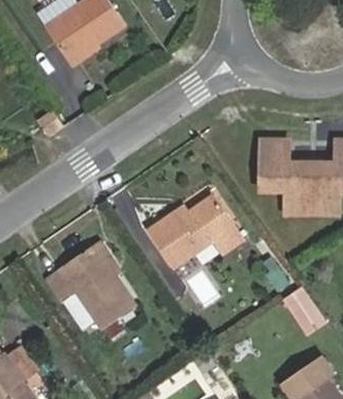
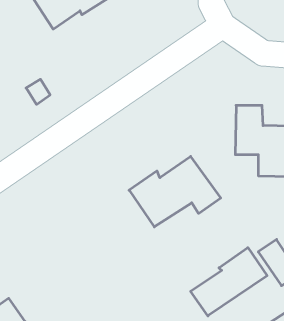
building: [43,245,135,331] -> none
building: none -> [191,248,267,316]

